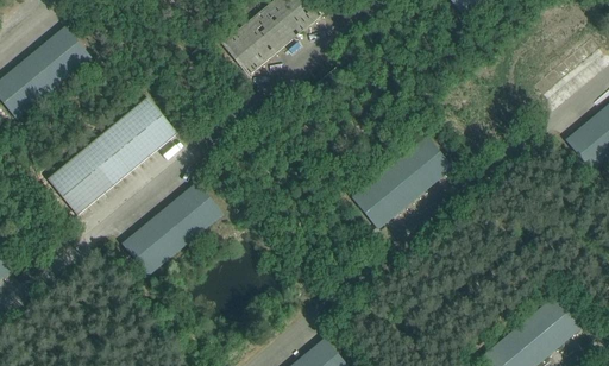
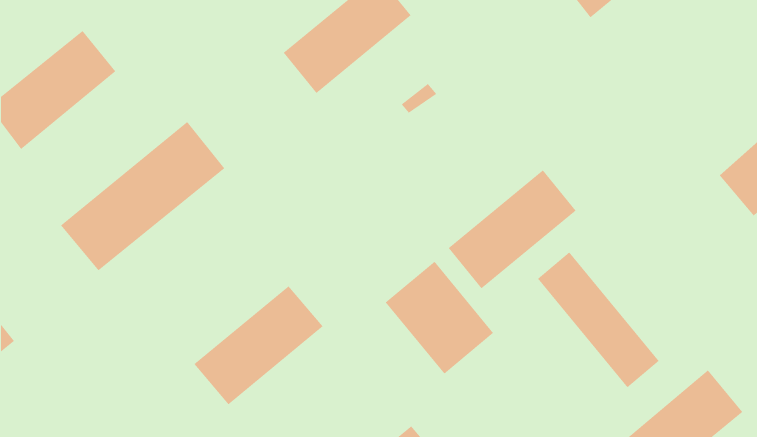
building: [121,182,224,276] -> [193,285,324,405]
building: none -> [537,252,660,388]
building: none -> [385,261,494,374]

